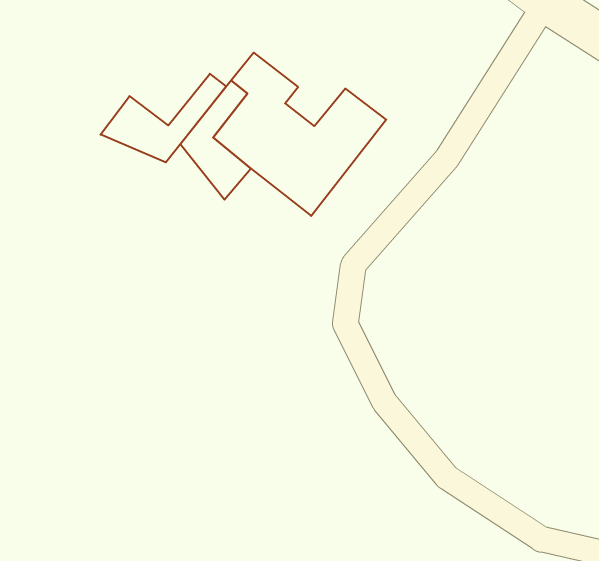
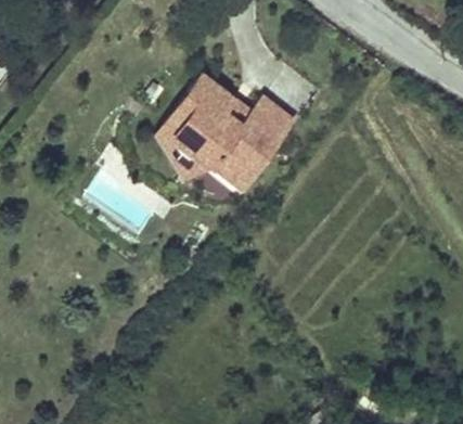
building: [100,74,226,162] -> none

